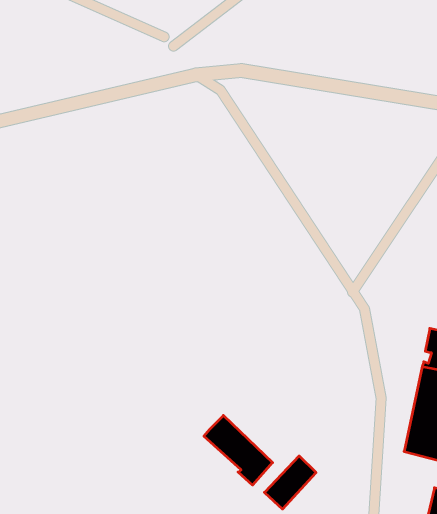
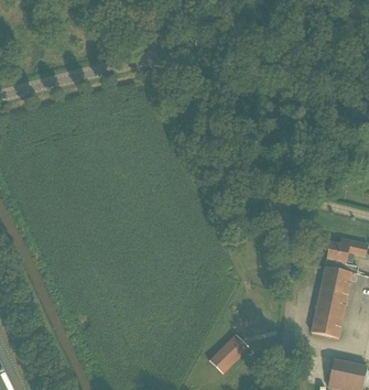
building: [204,415,273,485] -> none

